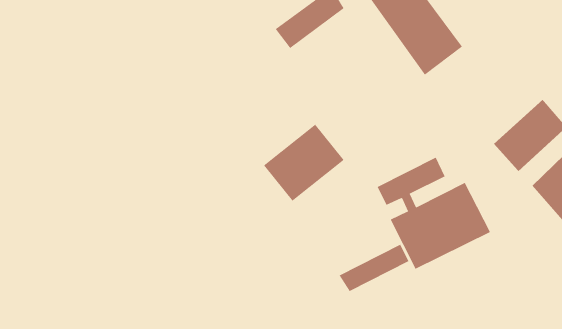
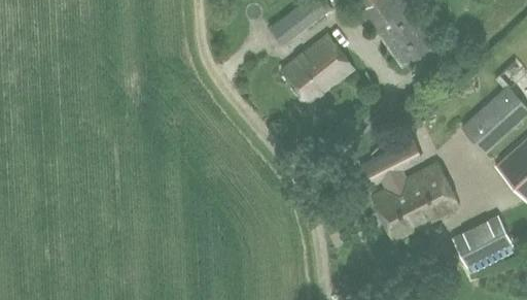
building: [263,124,344,202] -> [282,34,354,103]
building: none -> [454,216,514,266]
building: [339,244,409,292] -> none

